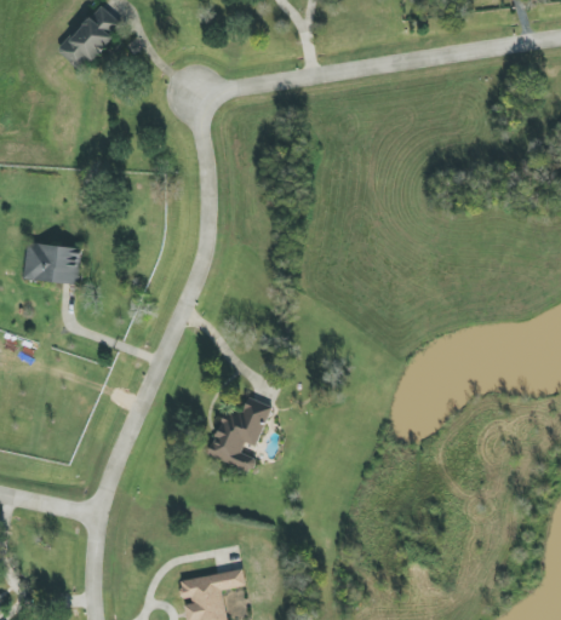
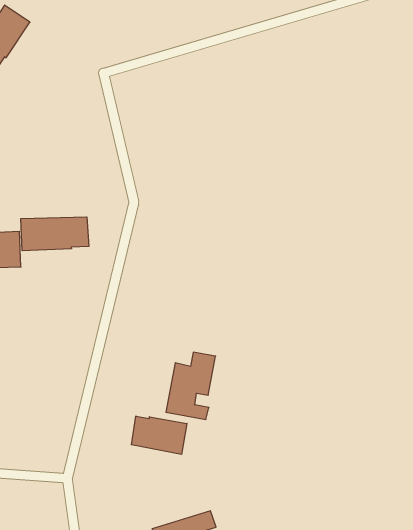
building: none -> [21,217,89,251]
building: none -> [131,416,187,454]

